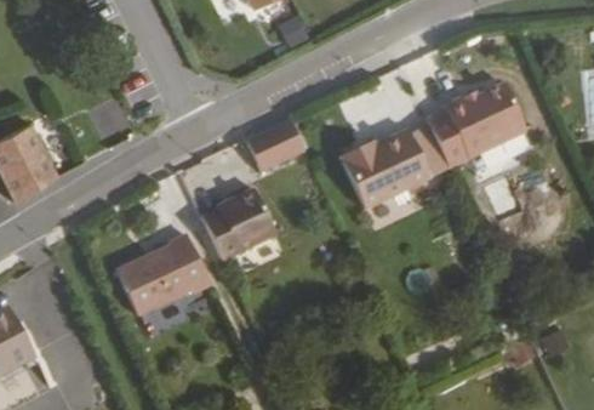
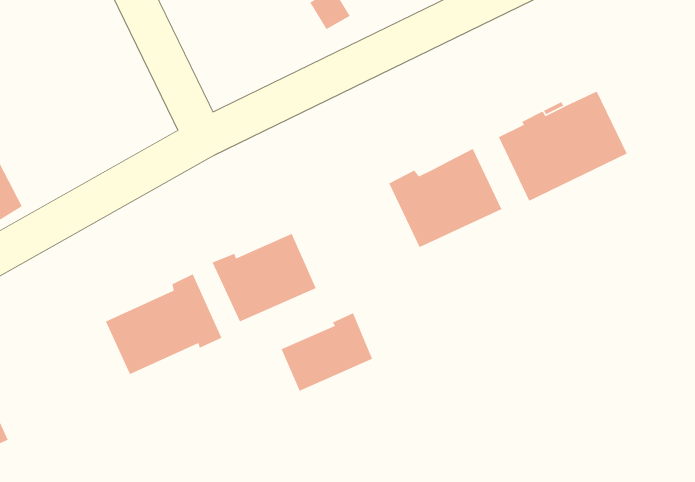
building: [245,112,308,169] -> none
building: none -> [281,312,373,392]

